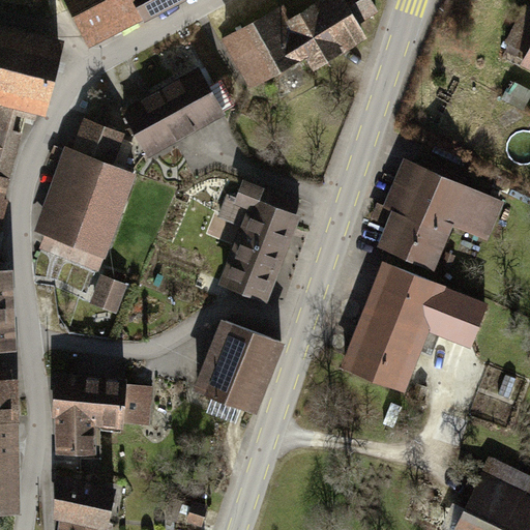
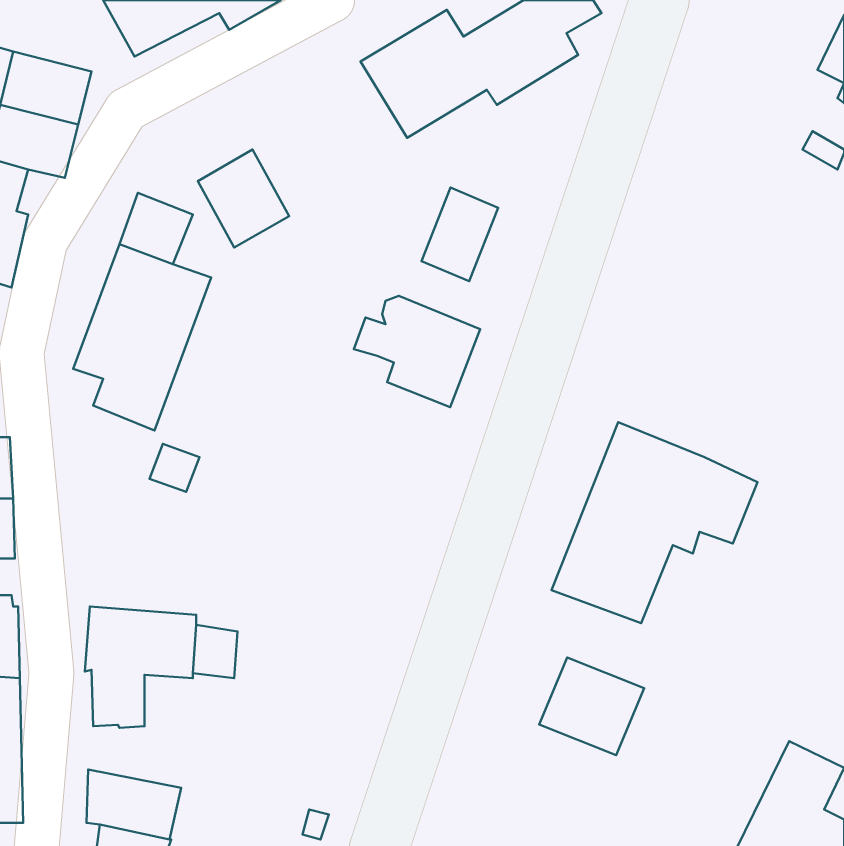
building: [157,72,222,137] -> none
building: none -> [422,188,498,281]
building: [373,168,498,269] -> none
building: [200,240,281,303] -> none
building: [197,322,279,414] -> none
building: none -> [539,657,644,755]

